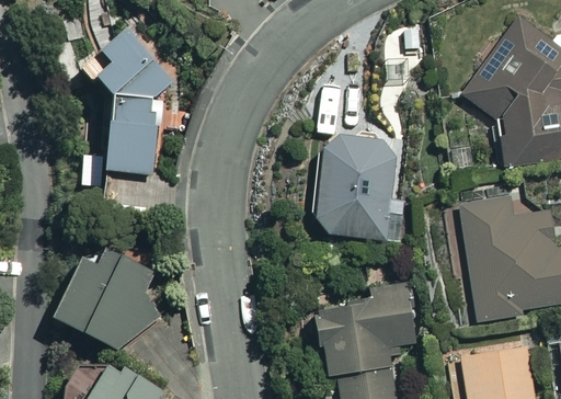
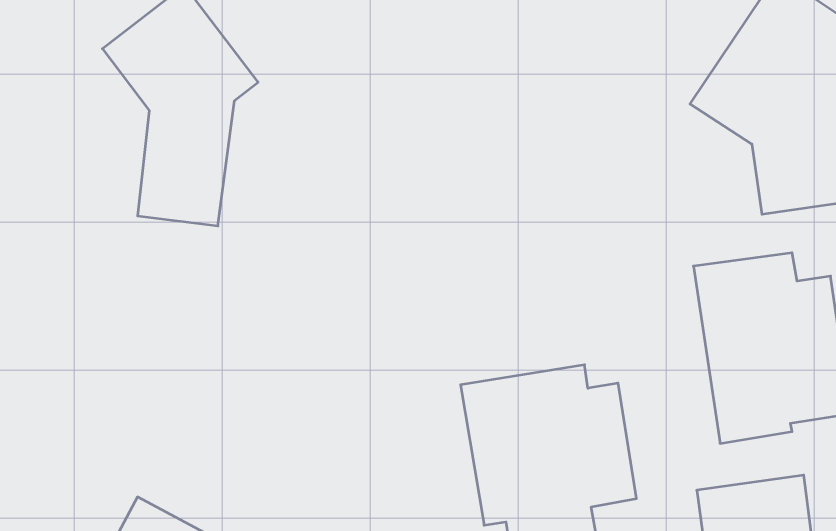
building: [312,137,398,240] -> none
building: [51,243,174,351] -> none

